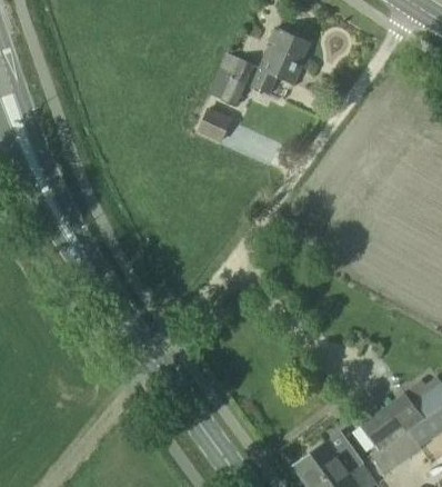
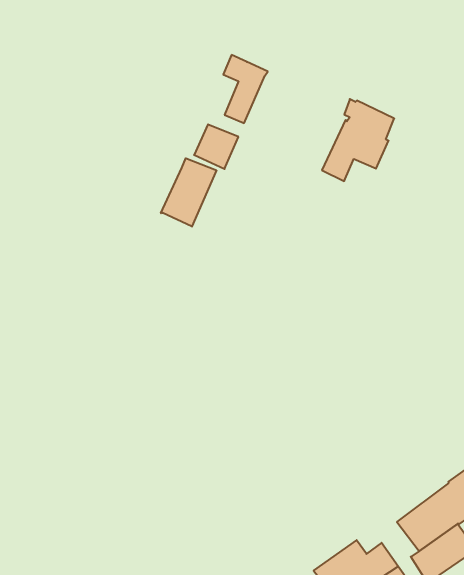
building: [252,29,310,95] -> [322,99,394,181]
building: none -> [161,158,216,227]

